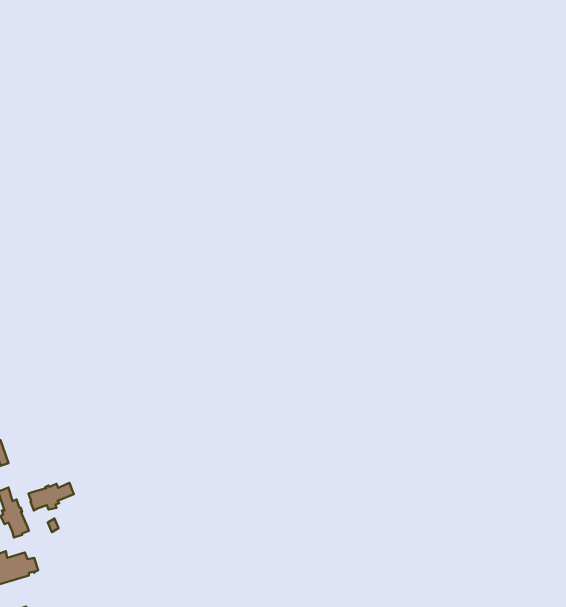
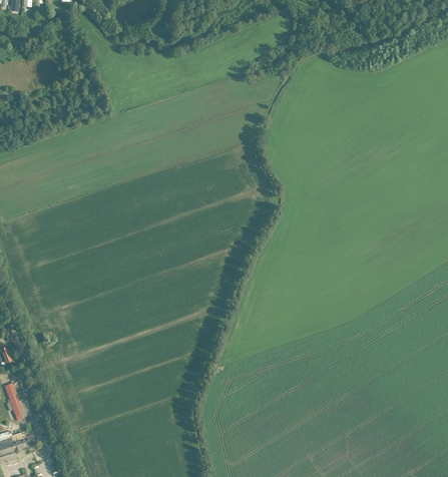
building: [29,483,74,510] -> none

